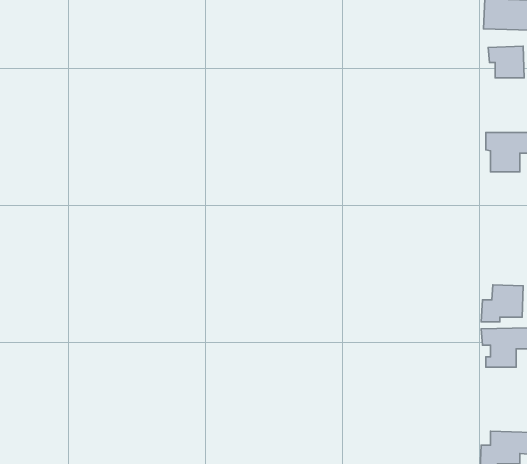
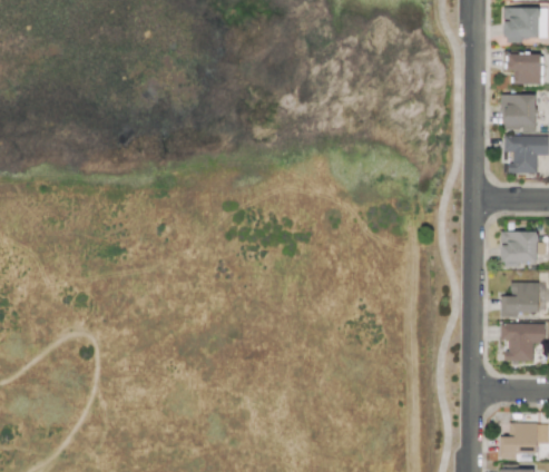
building: none -> [504,95,537,130]
building: none -> [502,230,539,262]

